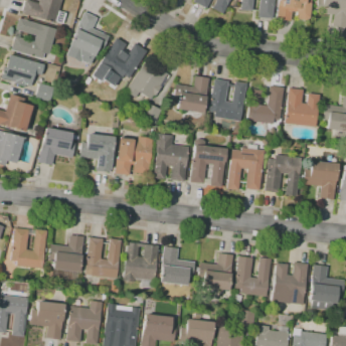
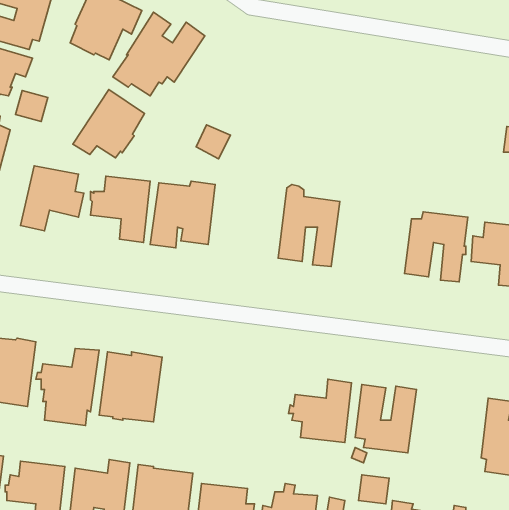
building: [126,59,168,100] -> [73,90,145,158]
building: [173,75,209,114] -> none
building: [209,78,246,122] -> none
building: [247,86,284,124] -> none
building: [285,89,320,127] -> none
building: [154,134,189,182] -> none
building: [227,148,265,190] -> none
building: [123,241,158,289] -> none
building: [160,246,194,286] -> none
building: [272,263,308,305] -> none

